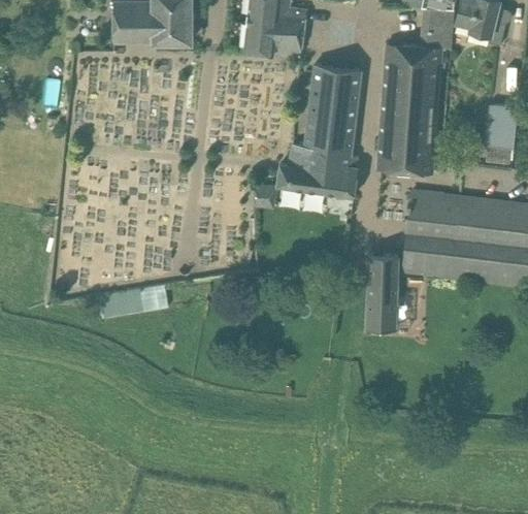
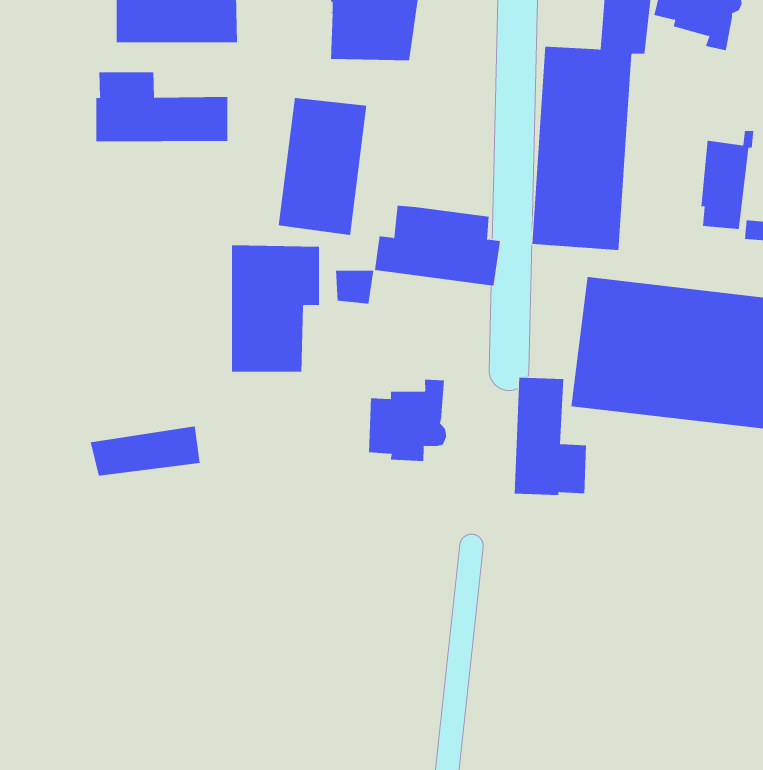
building: none -> [96,71,228,142]
building: [304,65,361,153] -> [278,97,367,235]
building: none -> [232,244,319,373]
building: none -> [368,379,447,462]

